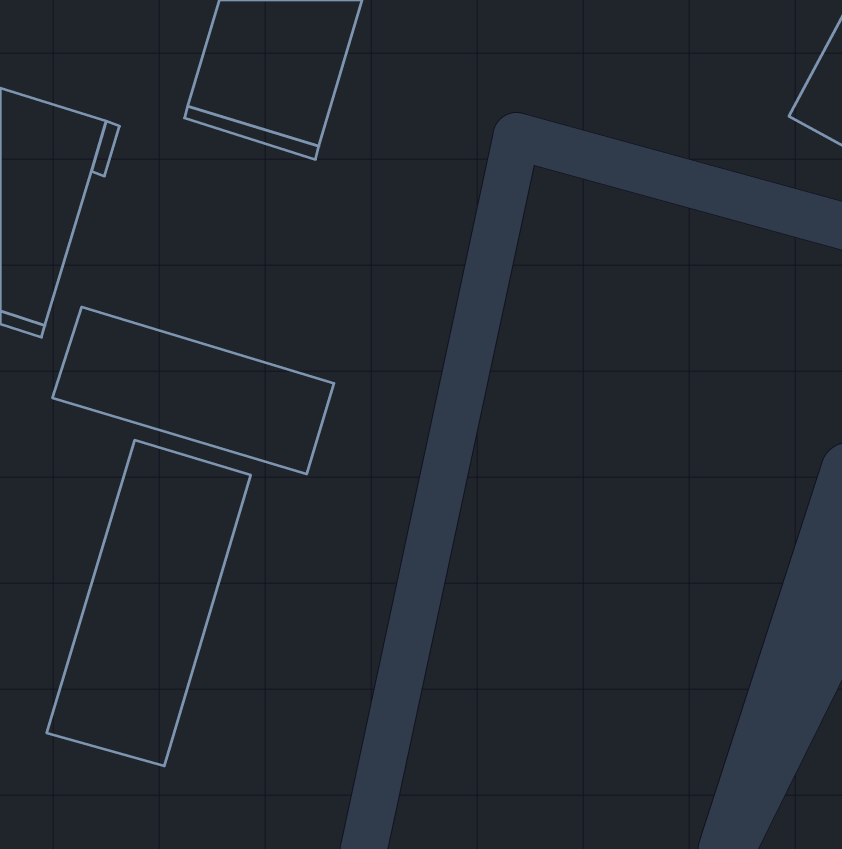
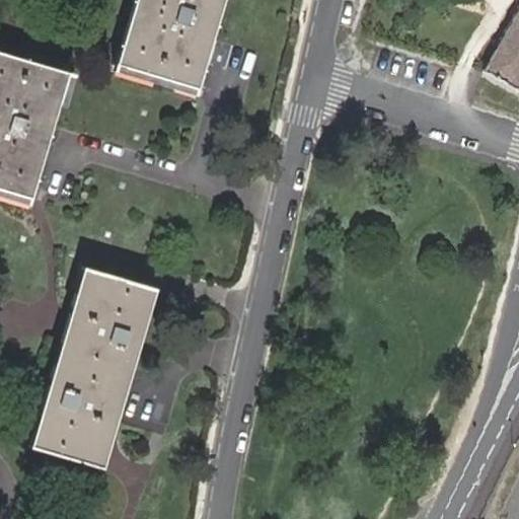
building: [53,307,334,474] -> none

